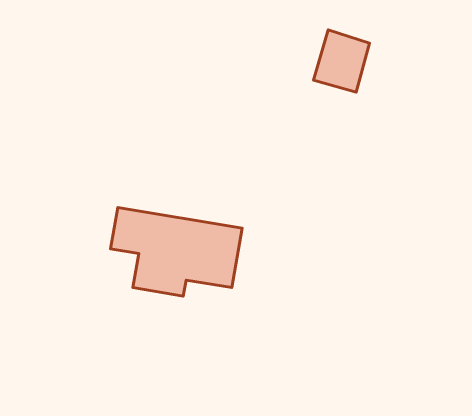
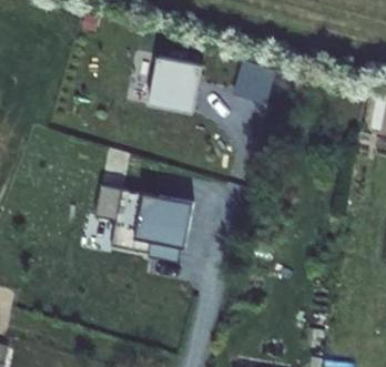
building: none -> [144,50,199,106]

